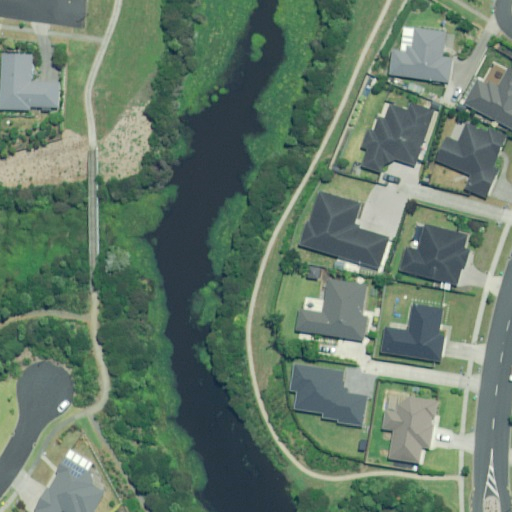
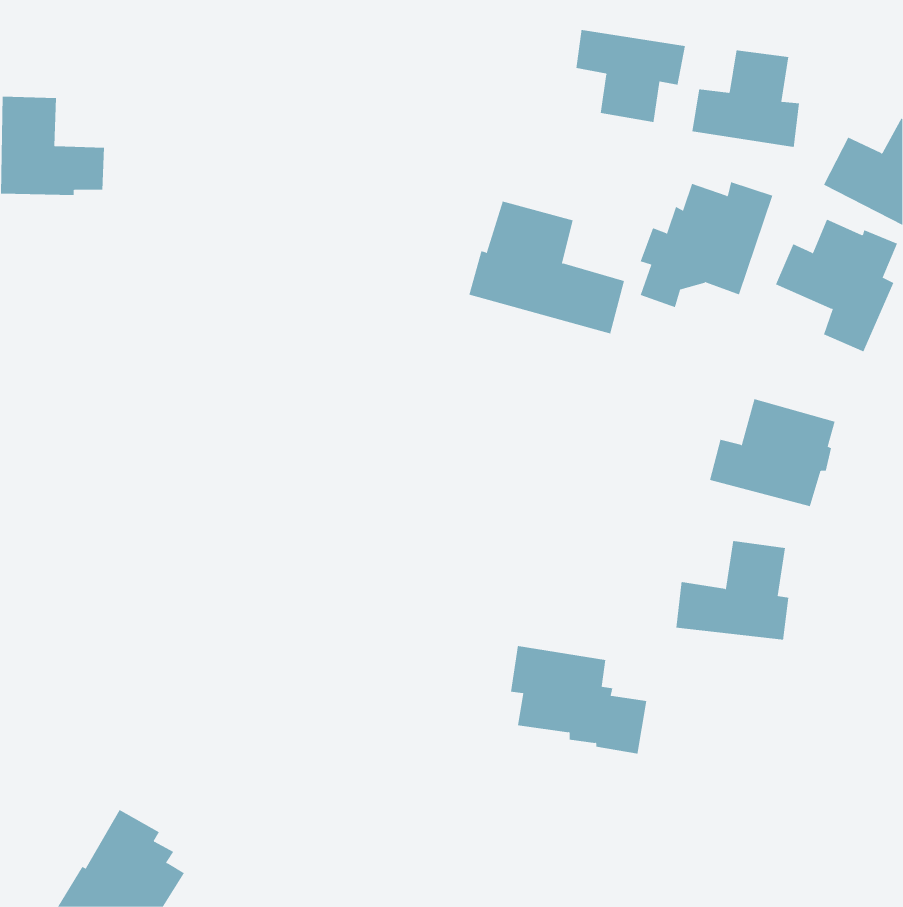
building: none -> [576,29,685,123]
building: [300,192,388,267] -> [468,201,625,334]
building: [297,280,366,340] -> none
building: [382,396,437,463] -> none

